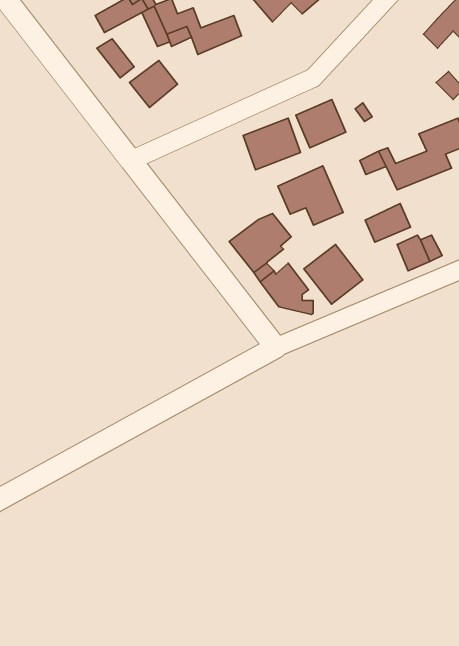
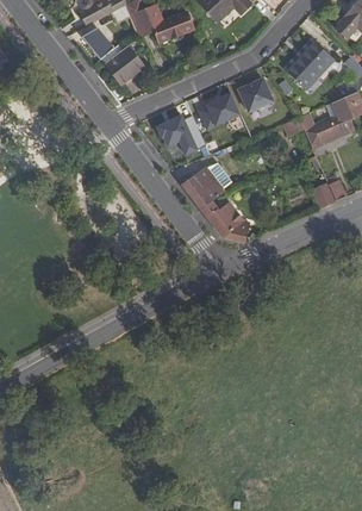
building: none -> [286,39,333,87]
building: [278,166,343,225] -> [156,112,206,157]
building: [365,204,410,242] -> none
building: [304,244,363,304] -> none

